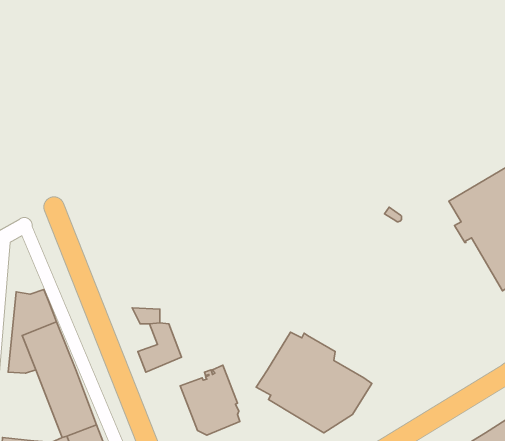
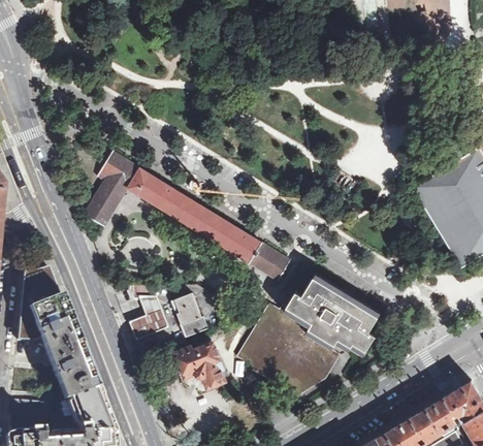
building: none -> [85,151,291,280]
building: none -> [286,279,378,354]
building: none -> [172,292,208,337]

